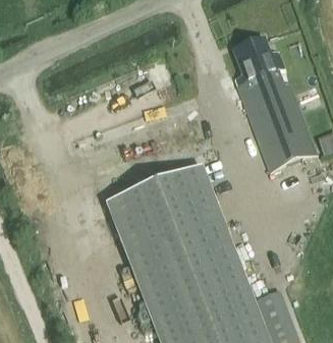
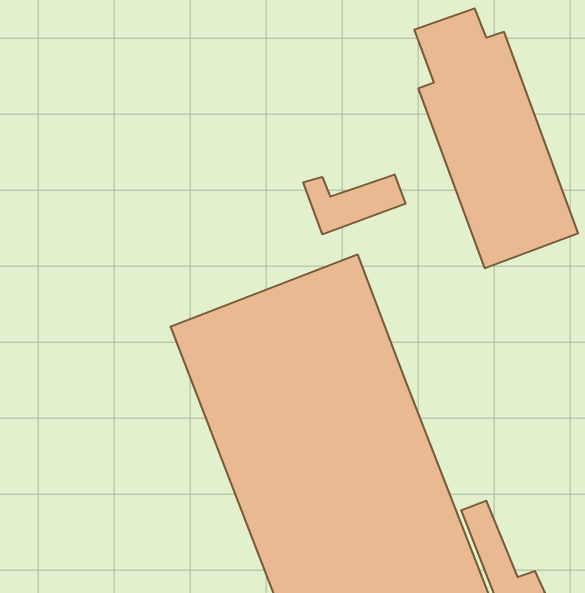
building: none -> [303,174,406,234]

